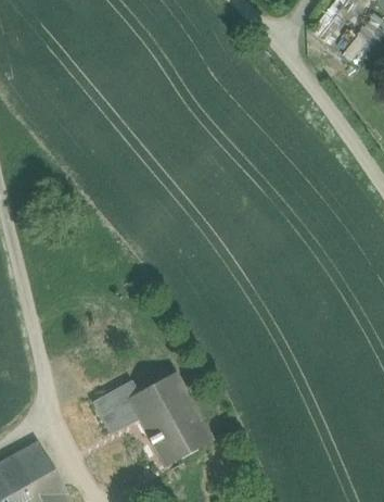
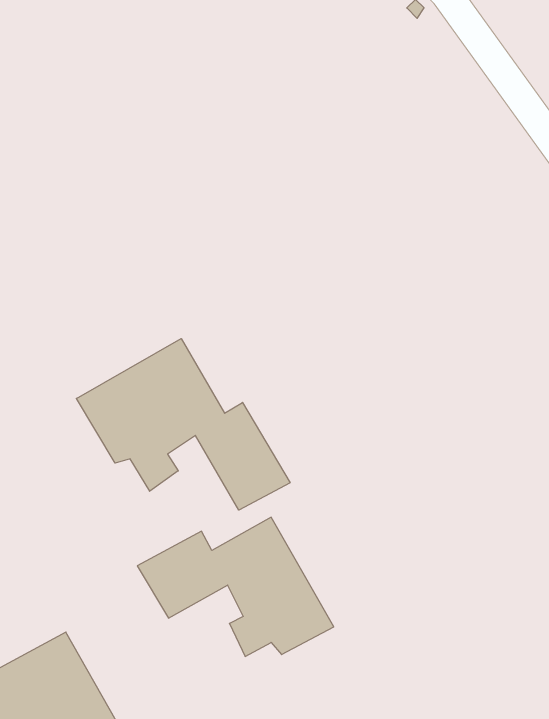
building: none -> [76,339,290,510]

